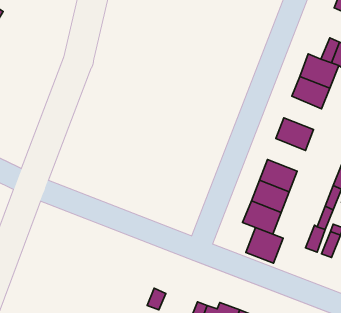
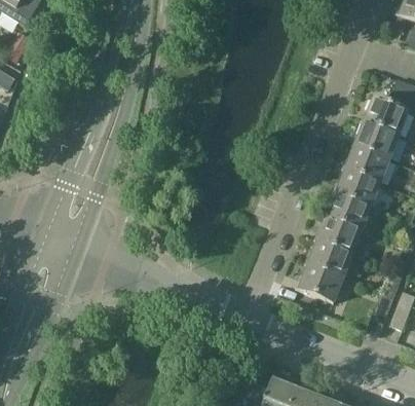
building: none -> [346,146,389,184]
building: none -> [328,194,371,231]
building: [246,227,283,263] -> none

